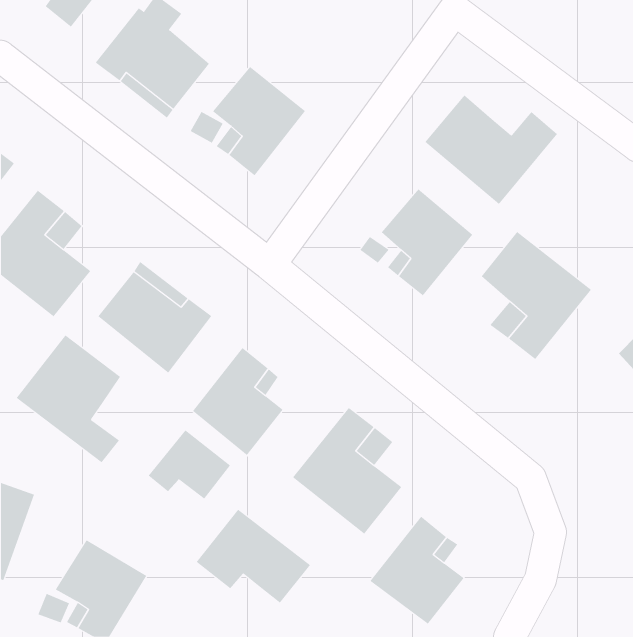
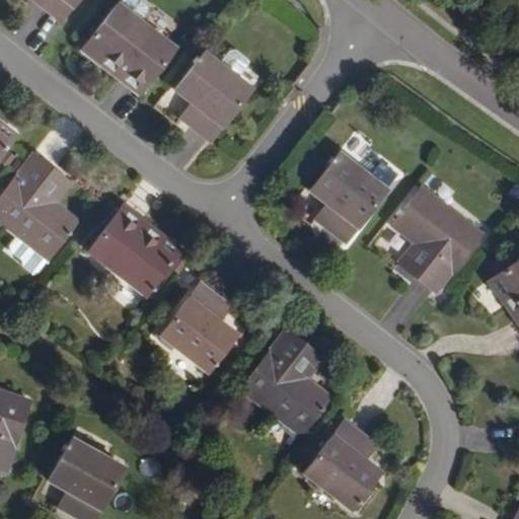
building: [424,95,558,205] -> none
building: [16,335,121,463] -> none
building: [148,429,231,499] -> none
building: [196,509,311,604] -> none

